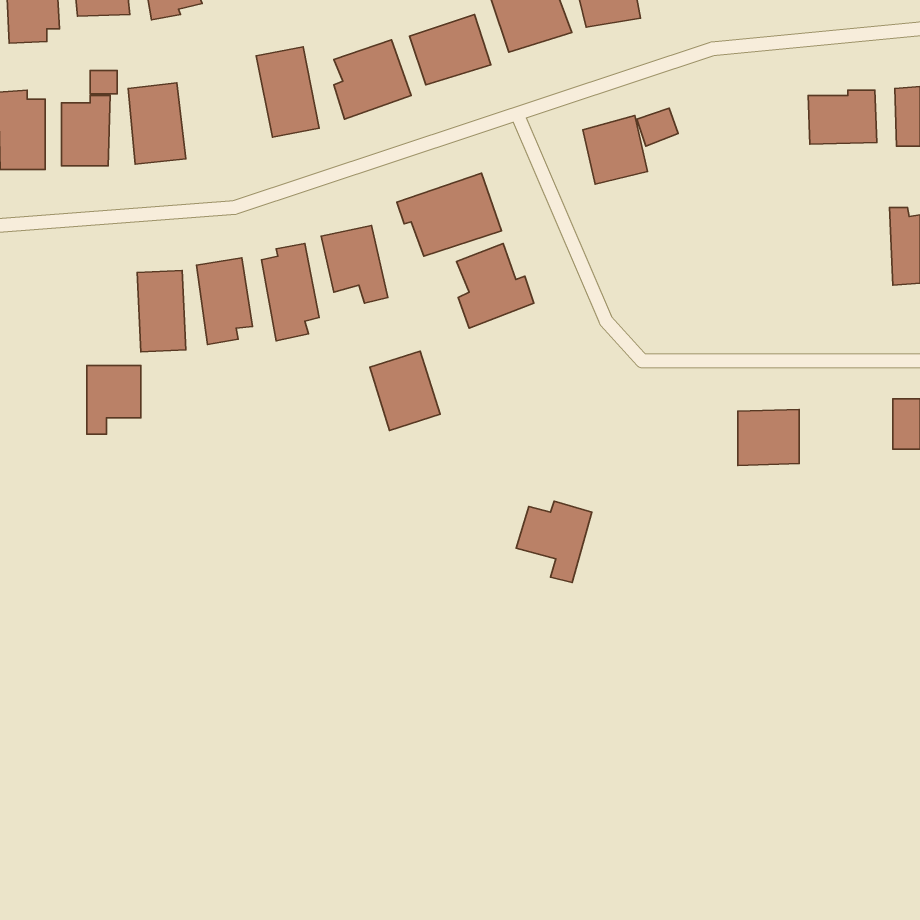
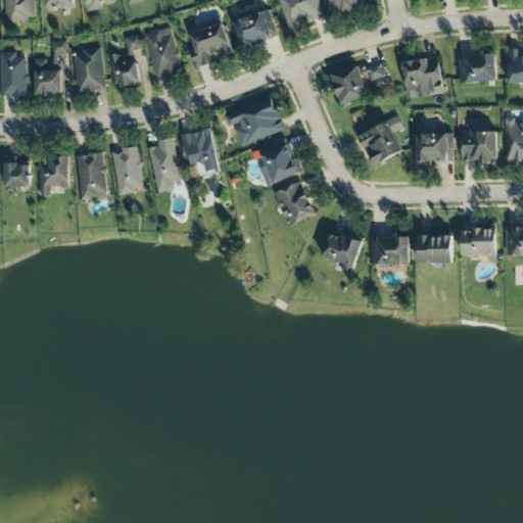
building: none -> [108,35,141,87]
building: none -> [401,56,443,98]
building: none -> [356,115,403,164]
building: none -> [460,129,497,163]
building: none -> [415,130,453,161]
building: none -> [5,160,30,186]
building: [370,351,440,430] -> [275,181,315,226]
building: [87,365,141,434] -> [39,157,69,196]
building: none -> [461,229,496,256]
building: none -> [370,234,410,265]
building: [516,501,592,582] -> [321,230,364,276]

